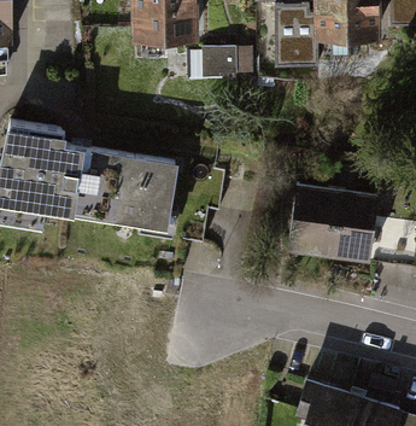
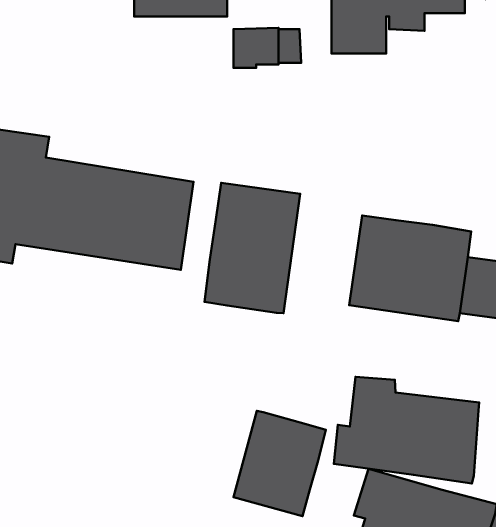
building: none -> [205,183,300,313]
building: none -> [334,377,479,484]
building: none -> [233,411,326,516]

